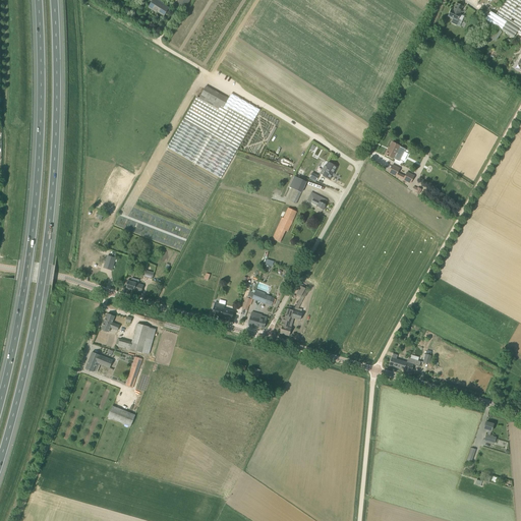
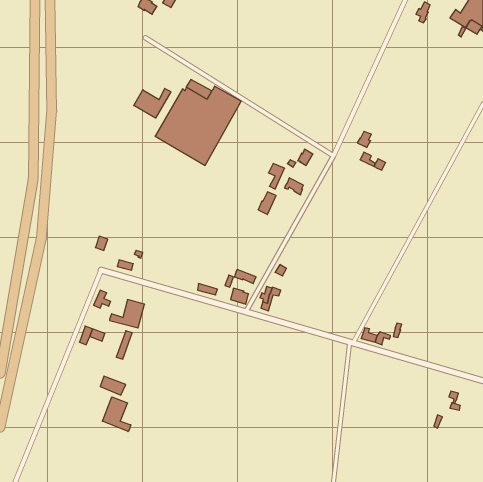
building: none -> [134,88,171,118]
building: none -> [102,397,131,432]

